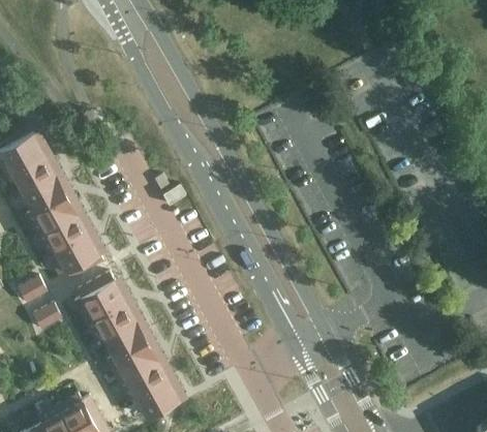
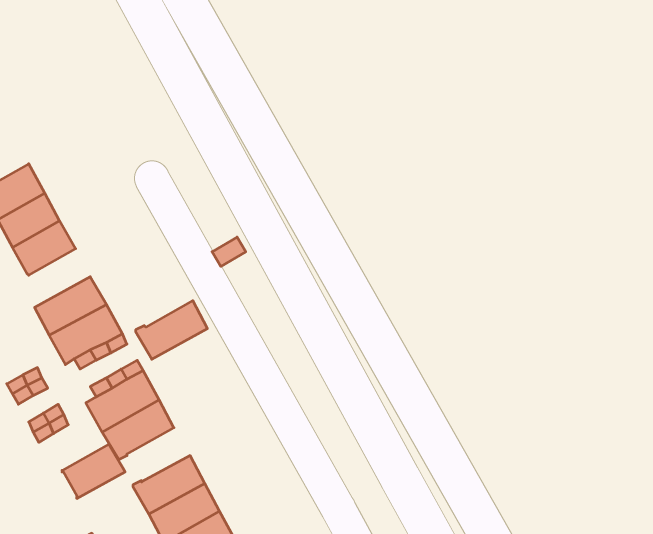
building: [29,195,80,237] -> [136,301,207,359]
building: [105,321,150,360] -> [62,444,125,498]

